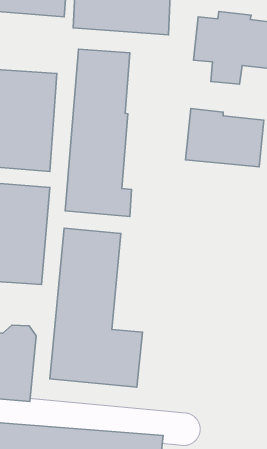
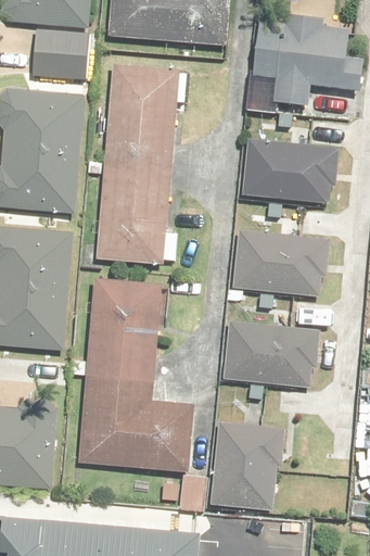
building: none -> [33,31,92,79]
building: none -> [231,232,323,296]
building: none -> [221,321,315,388]
building: none -> [207,424,278,510]

